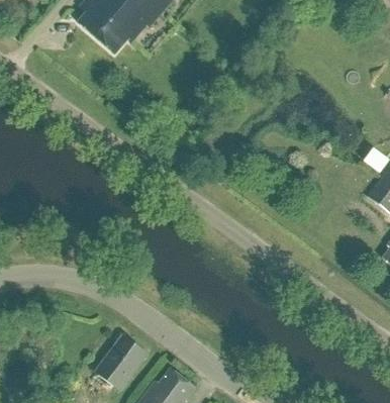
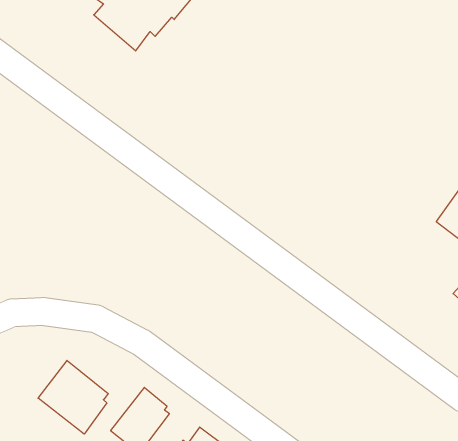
building: none -> [38,360,108,434]

